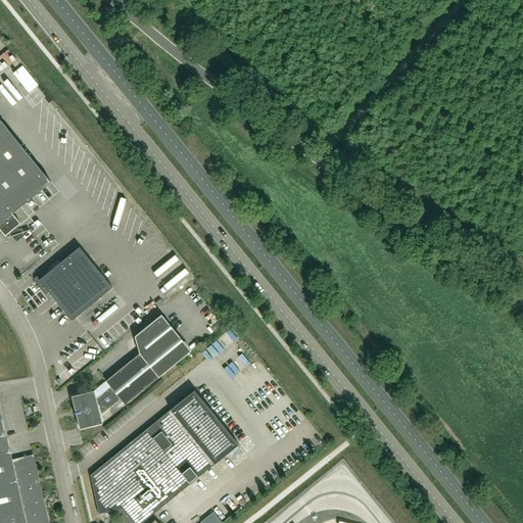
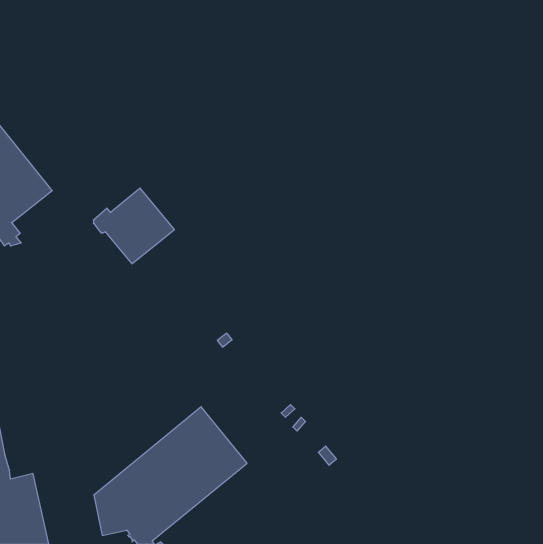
building: [34,247,111,320] -> [93,188,174,264]
building: [70,315,190,429] -> none

